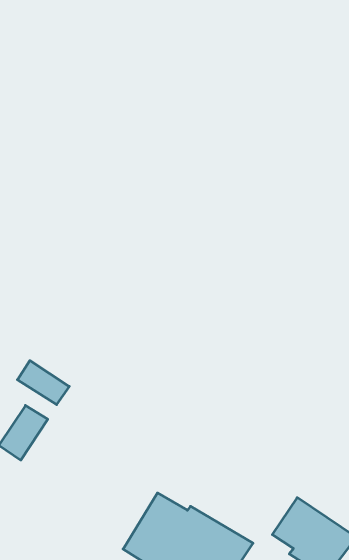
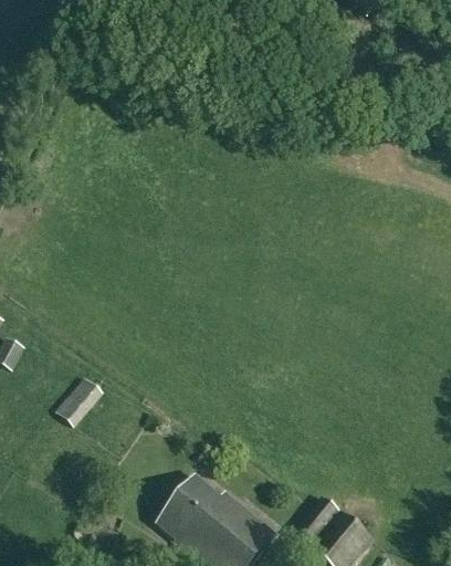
building: [17,361,69,405] -> none

